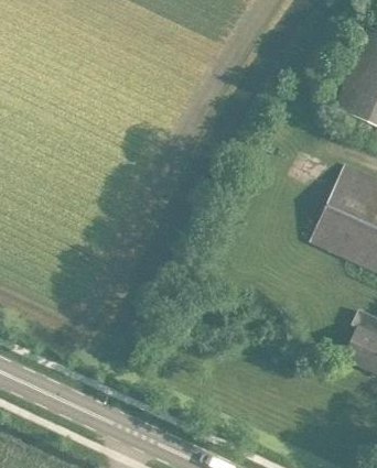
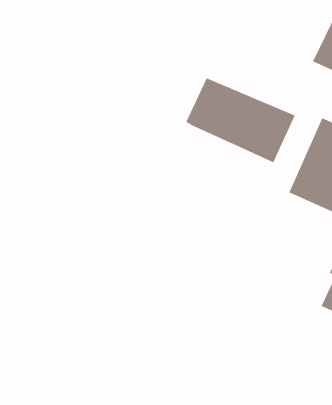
building: none -> [186,78,295,163]

